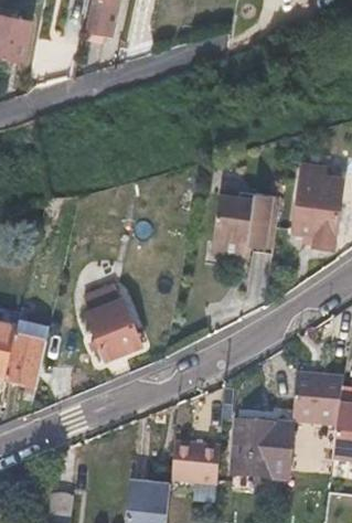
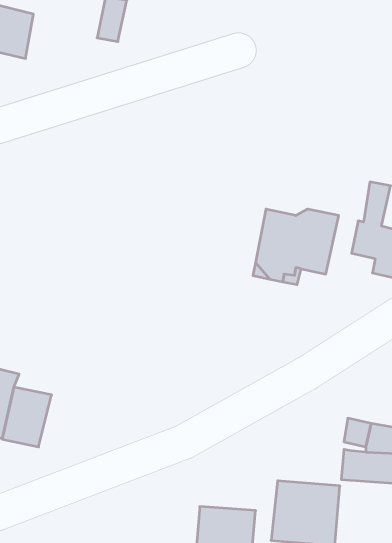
building: [86,290,141,360] -> none

